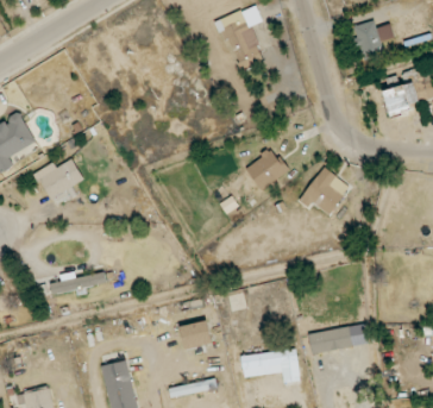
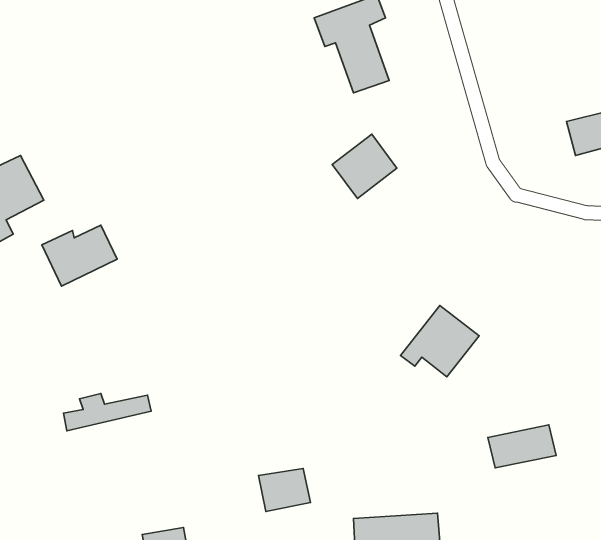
building: [352,20,394,62] -> none
building: [244,149,287,192] -> [332,134,397,198]
building: [297,168,350,215] -> [400,305,479,377]
building: [307,326,352,354] -> [488,425,556,468]

